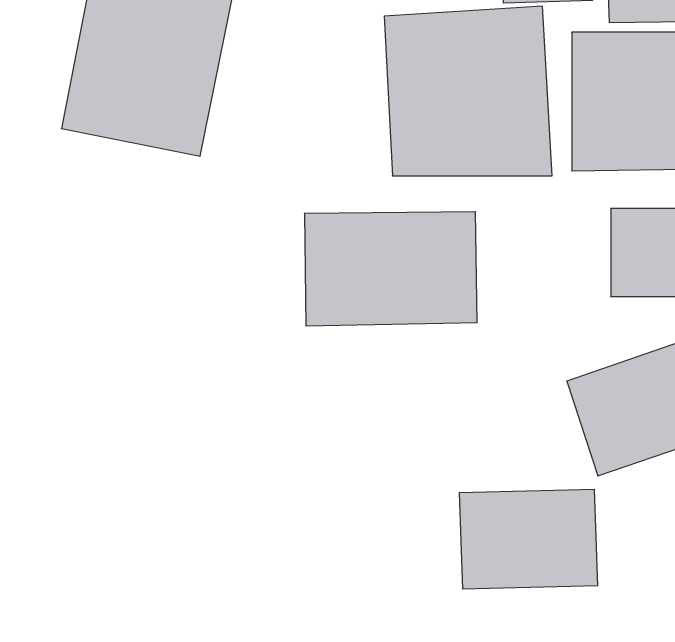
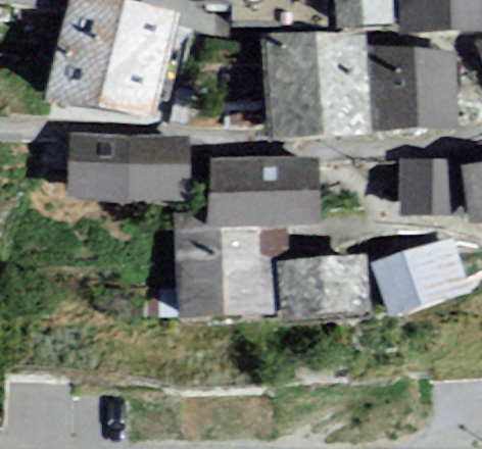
building: none -> [71,135,188,202]
building: none -> [178,227,273,314]
building: [459,489,598,589] -> [280,253,367,315]

